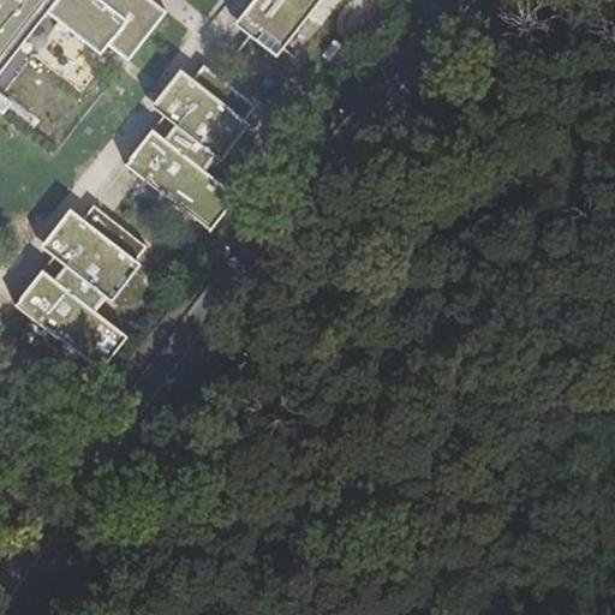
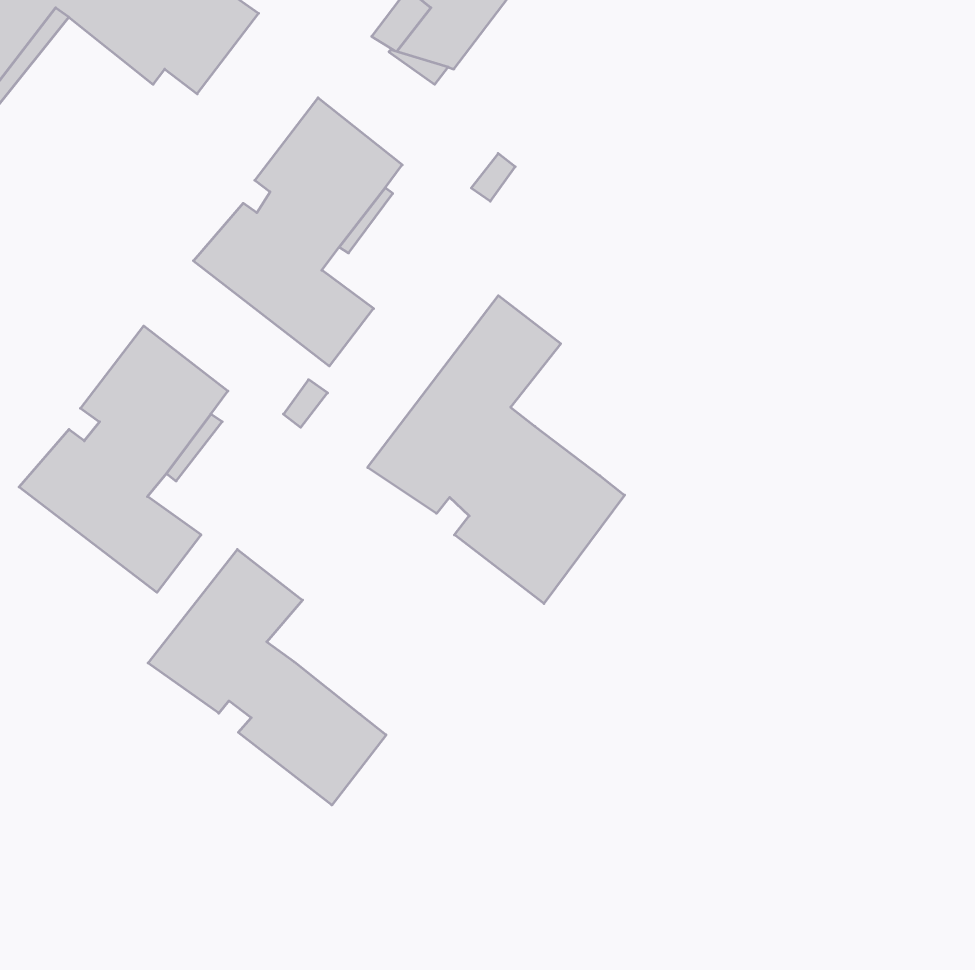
building: none -> [368,296,625,604]
building: none -> [148,549,386,805]

